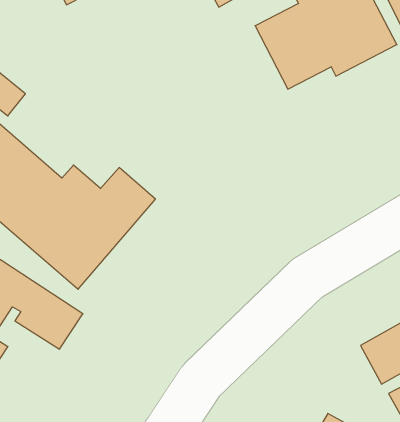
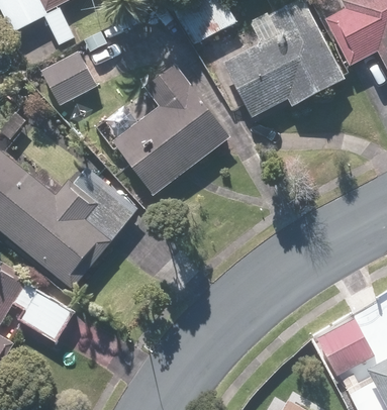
building: none -> [38,49,96,107]
building: none -> [112,66,228,194]

